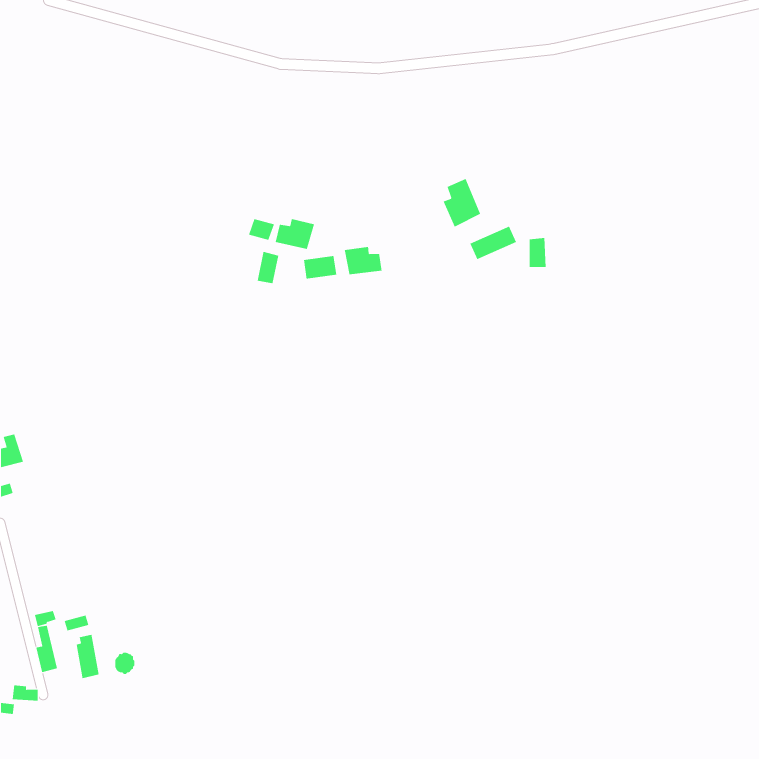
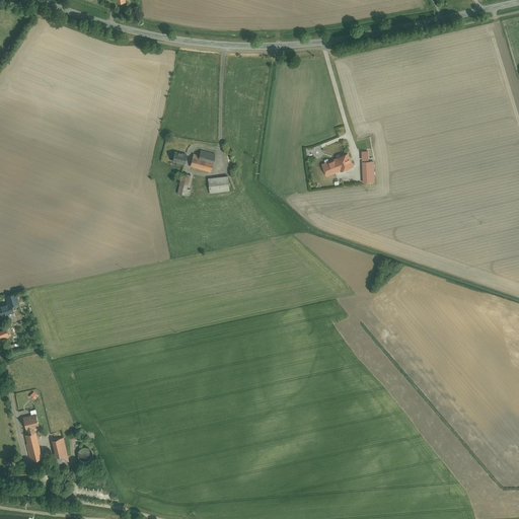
building: [443,178,481,227] -> none
building: [344,246,382,275] -> none

